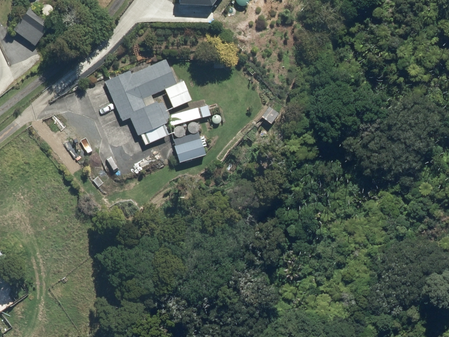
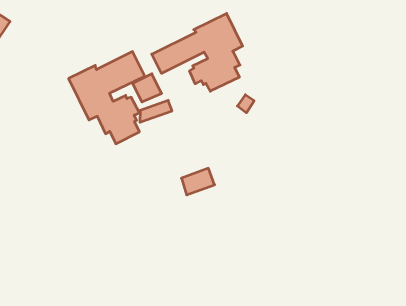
building: none -> [152,13,243,91]
building: [174,138,205,162] -> [181,168,215,195]

